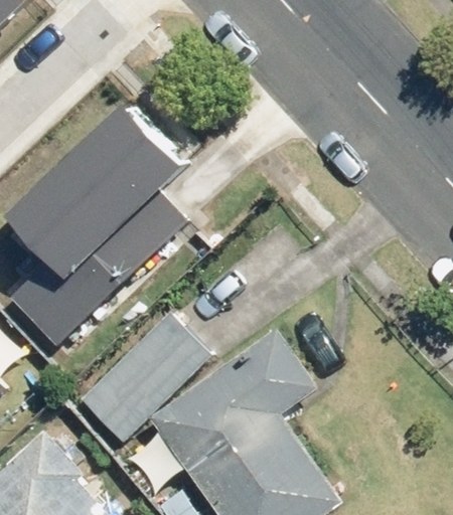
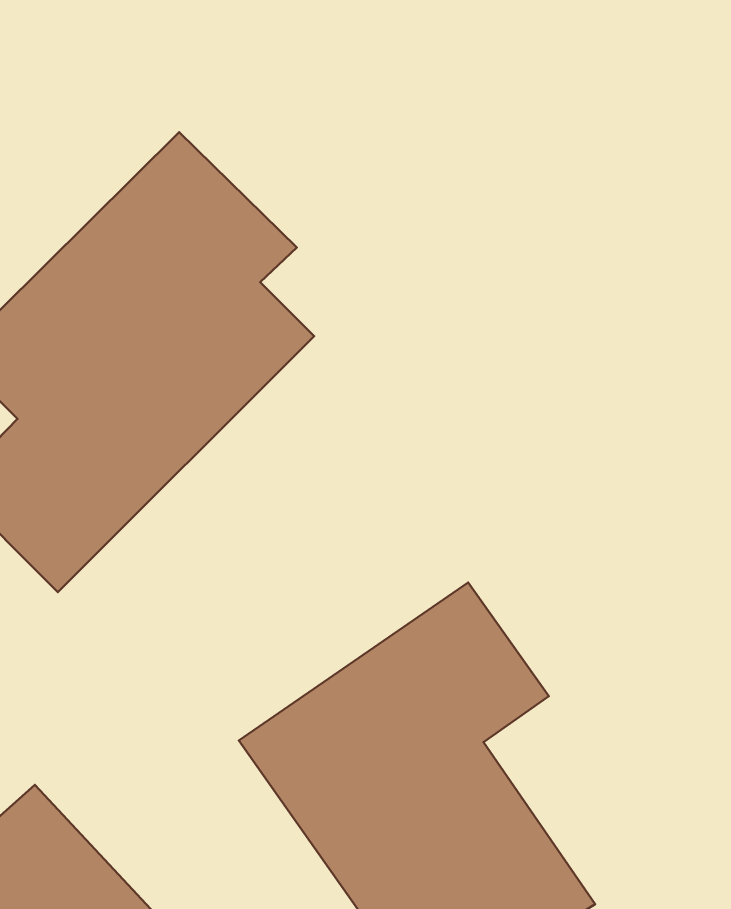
building: [78,315,205,439] -> none

